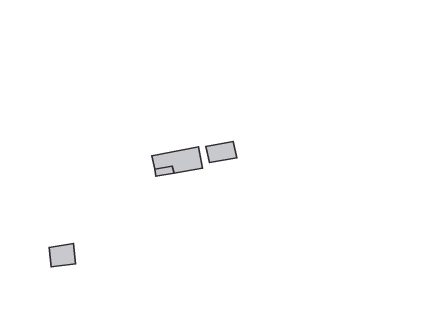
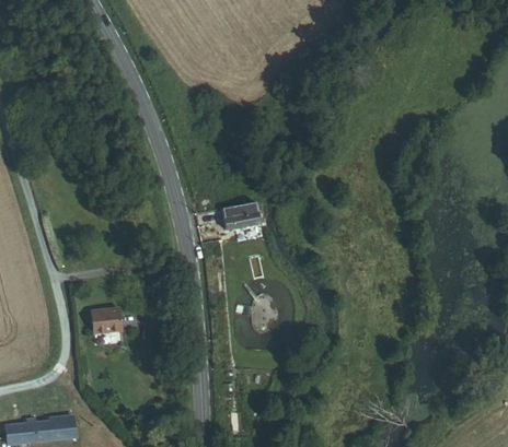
building: [206,141,237,162] -> none

